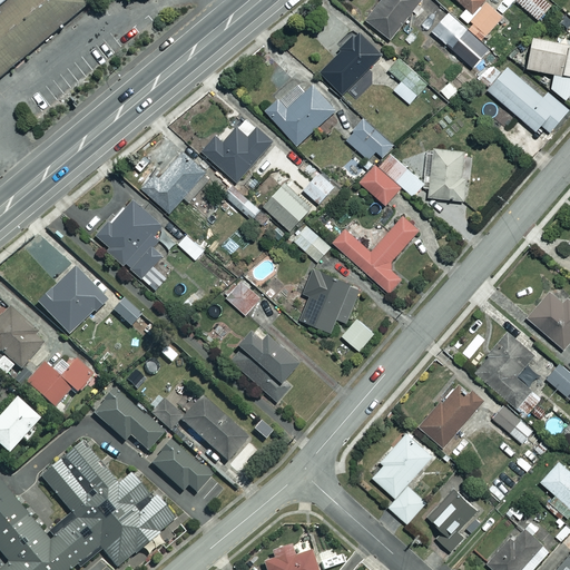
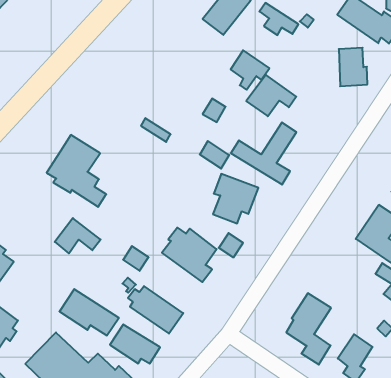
building: [264,85,334,145] -> none
building: [202,99,272,181] -> none
building: [428,150,464,199] -> [339,48,367,86]
building: [141,154,209,212] -> none
building: [263,183,311,229] -> none
building: [36,265,105,334] -> none
building: [225,279,261,315] -> none
building: [342,318,373,350] -> [219,233,243,257]
building: [26,358,92,407] -> none
building: [420,381,483,446] -> none
building: [149,399,181,431] -> [123,246,149,271]

